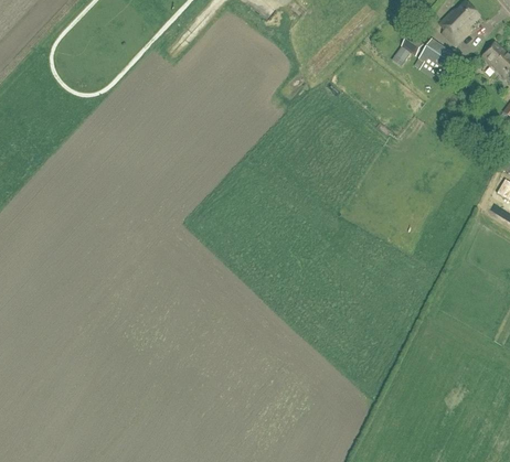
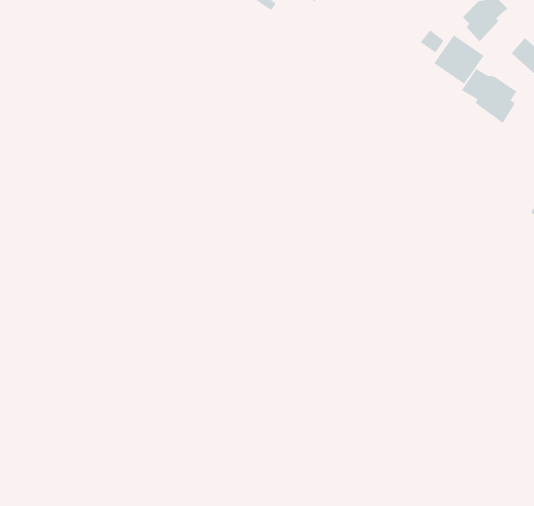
building: none -> [461,68,517,124]

